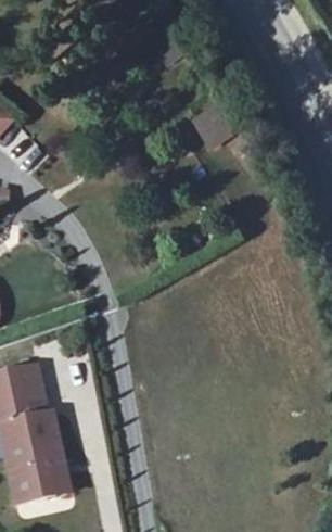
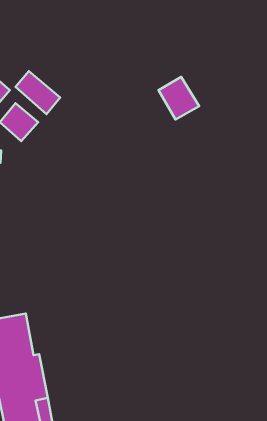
building: none -> [15,71,60,114]

